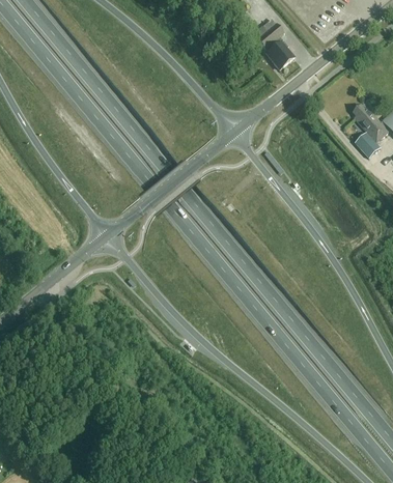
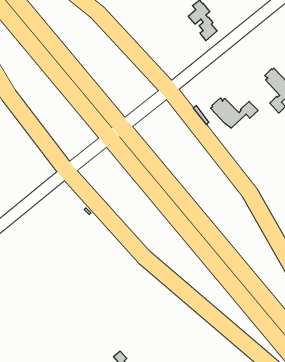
building: none -> [211,98,258,128]

